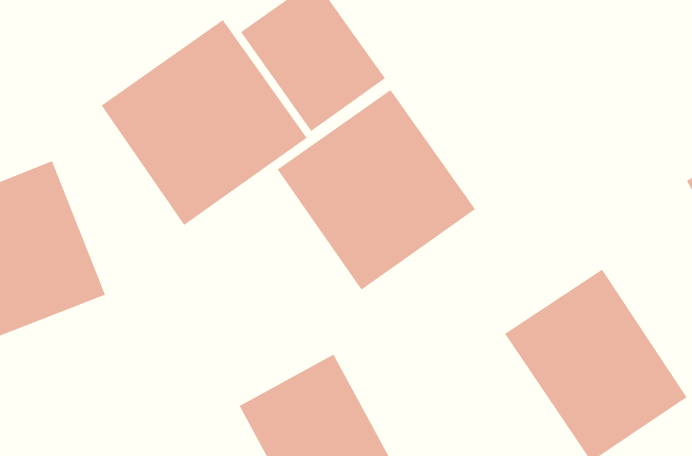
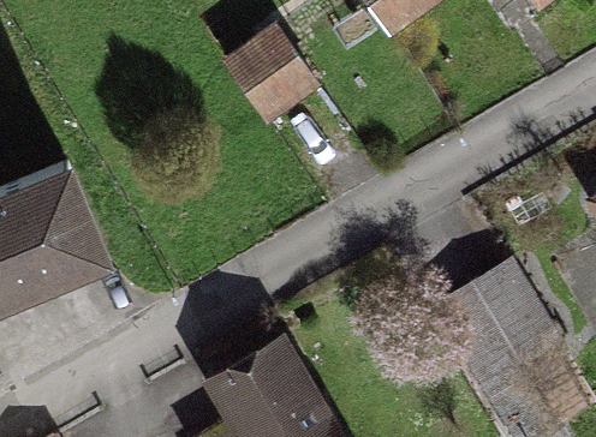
building: [101,19,307,226] -> none
building: [277,89,476,291] -> none

